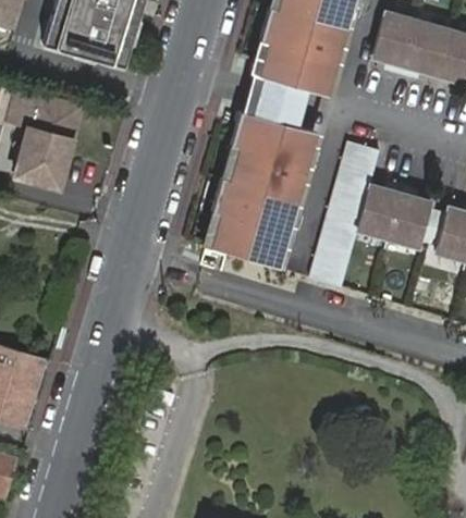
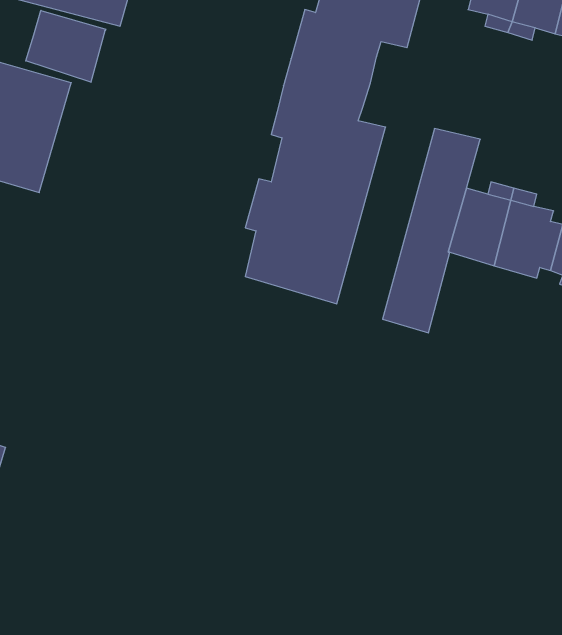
building: none -> [26,10,106,82]

